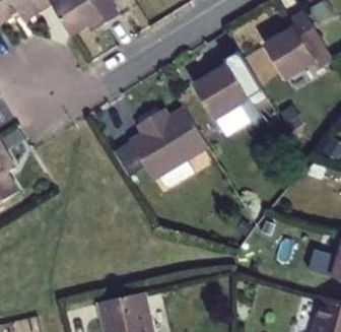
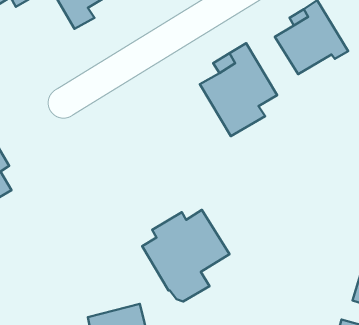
building: [123,106,203,190] -> [142,210,230,301]

